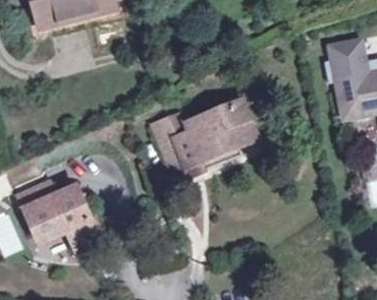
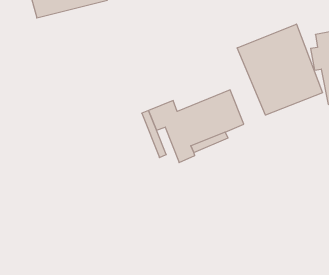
building: none -> [237,24,323,115]
building: [18,180,97,246] -> none

